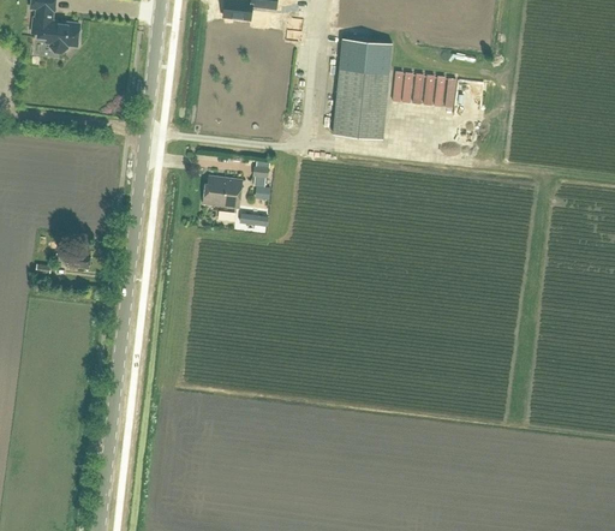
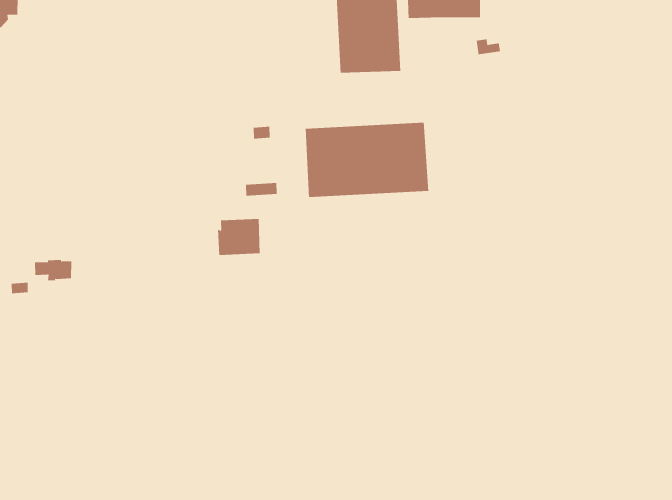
building: none -> [305,122,429,198]
building: [203,177,241,209] -> [217,218,261,256]

